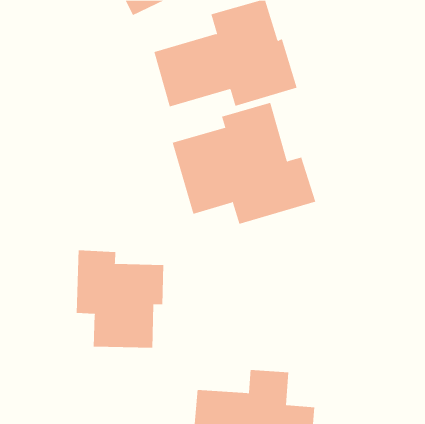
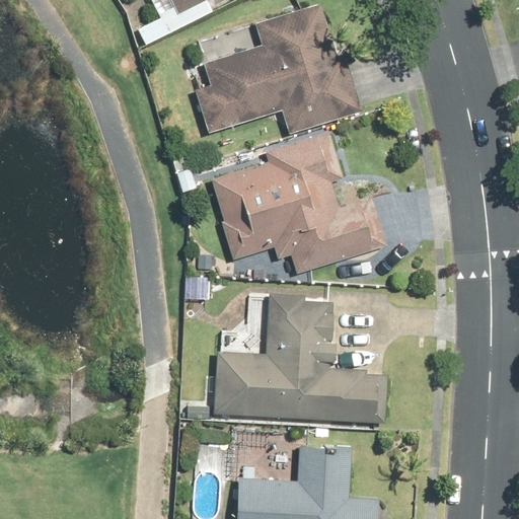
building: none -> [210,300,385,421]
building: [76,250,164,349] -> none

